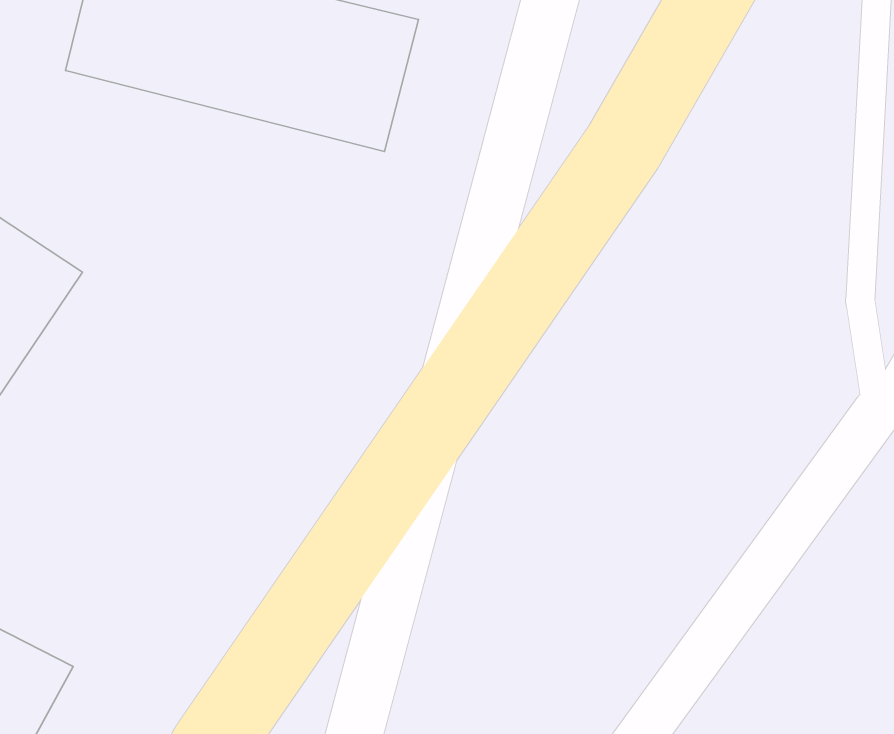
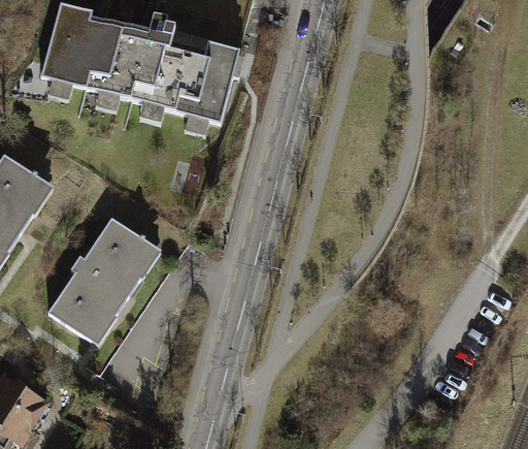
building: none -> [47,217,164,351]

